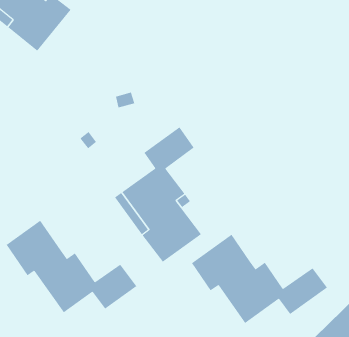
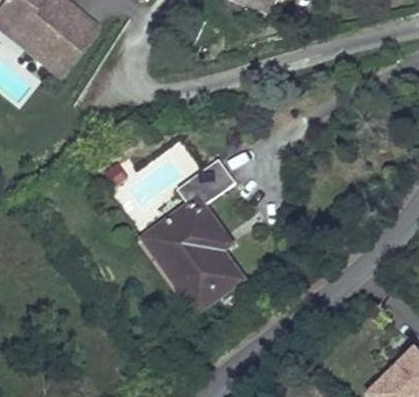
building: [6,220,137,313] -> none
building: [191,234,328,324] -> none

